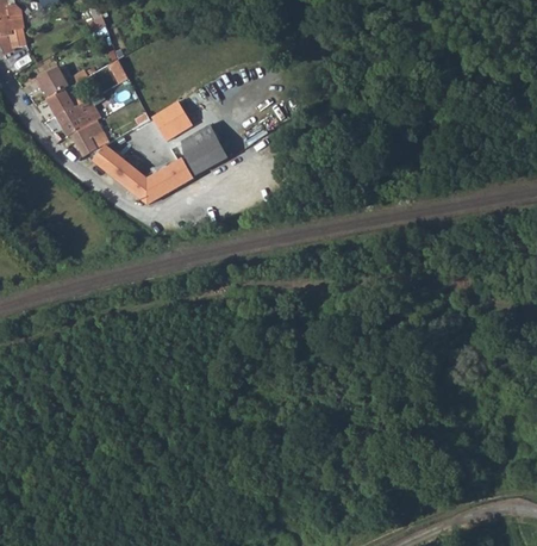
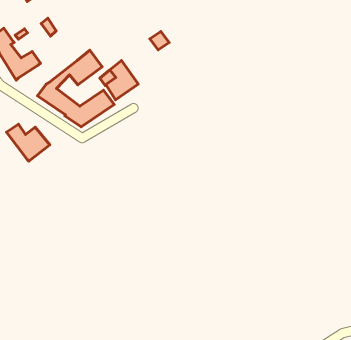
building: [69,118,110,156] -> none
building: none -> [6,124,50,161]

